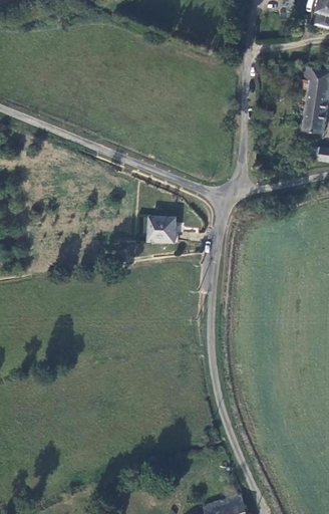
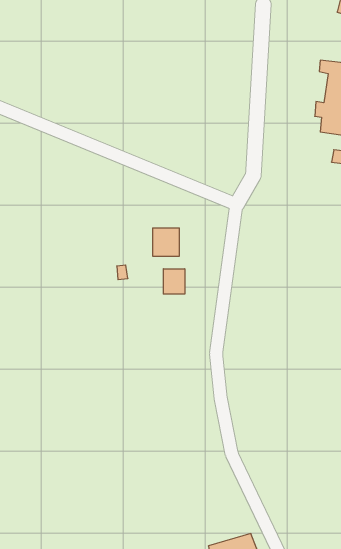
building: none -> [163,269,185,294]

